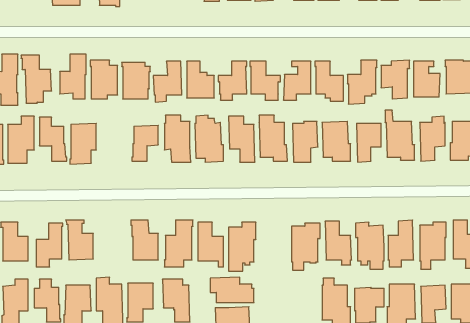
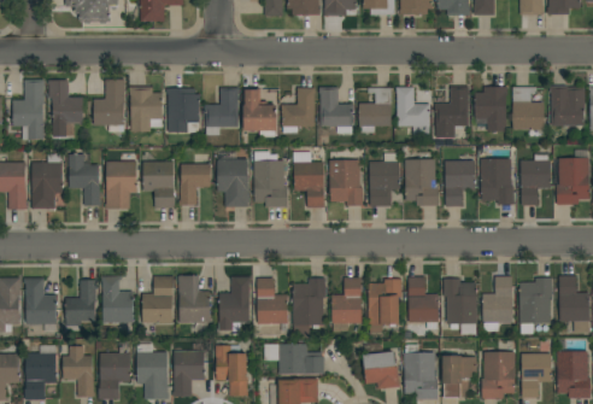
building: none -> [142,160,175,207]
building: none -> [142,275,174,322]
building: none -> [331,276,362,330]
building: none -> [362,342,400,388]

